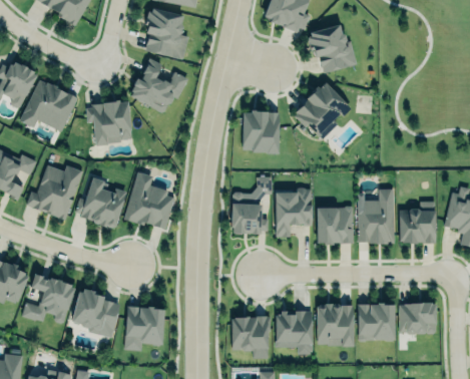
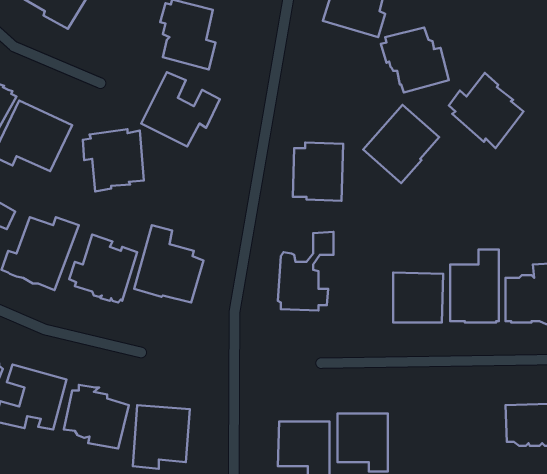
building: none -> [449,73,523,148]
building: [275,187,312,237] -> none
building: [357,299,395,340] -> none
building: [317,305,353,347] -> none

